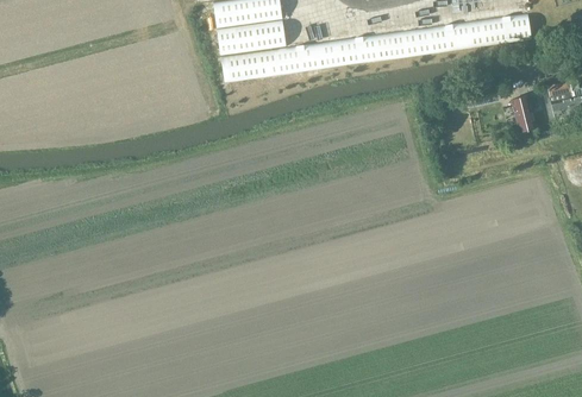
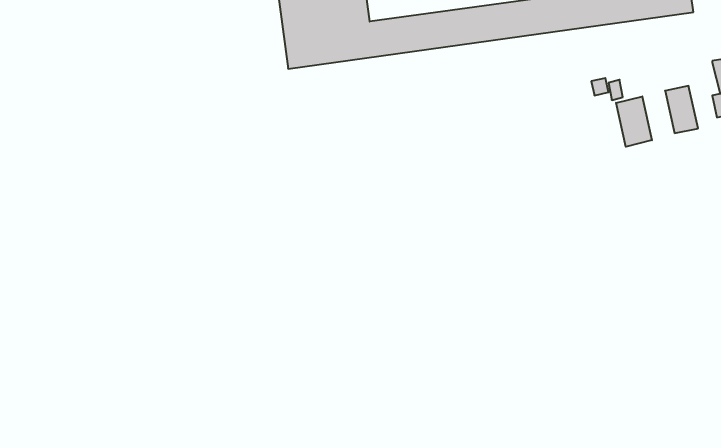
building: none -> [616,96,652,147]

